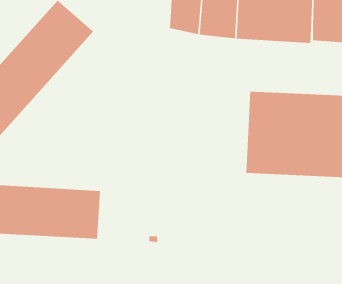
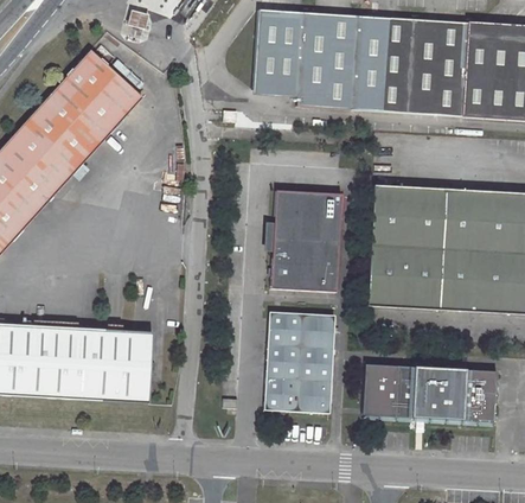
building: none -> [264,190,337,292]
building: none -> [264,310,334,412]
building: none -> [361,362,497,420]

